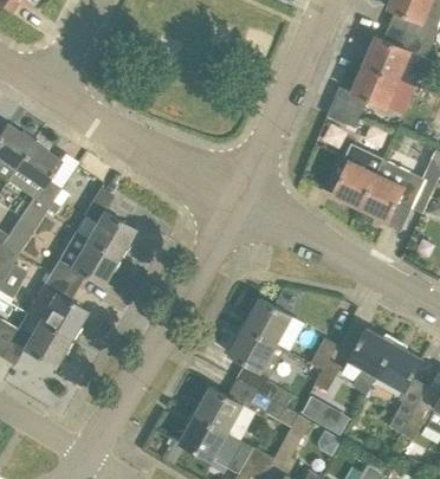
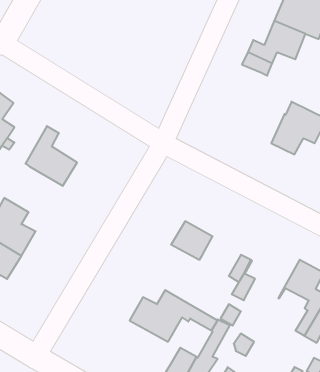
building: [332,160,376,207] -> none
building: [48,231,117,287] -> none
building: [228,325,298,414] -> none
building: [342,328,394,393] -> none
building: [180,414,242,467] -> none

